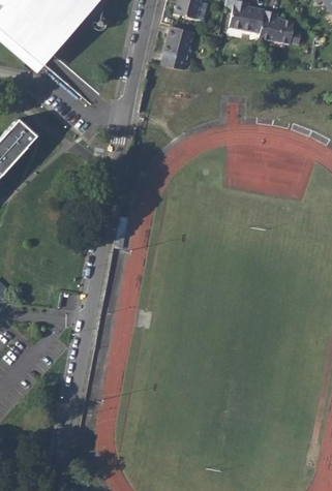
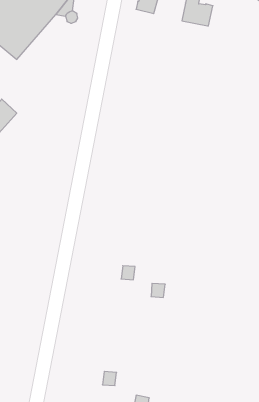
building: [261,9,304,44] -> none
building: [162,26,195,70] -> none

